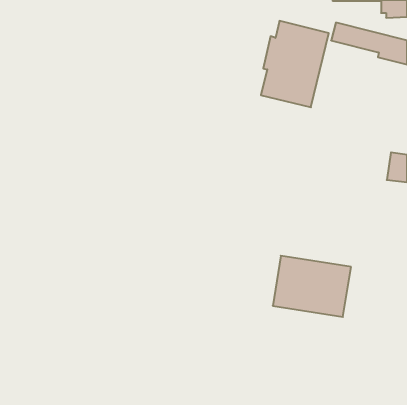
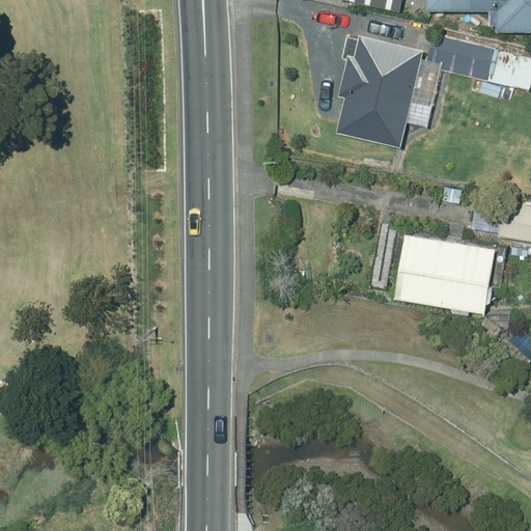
building: [273,256,351,317] -> [395,234,496,313]

